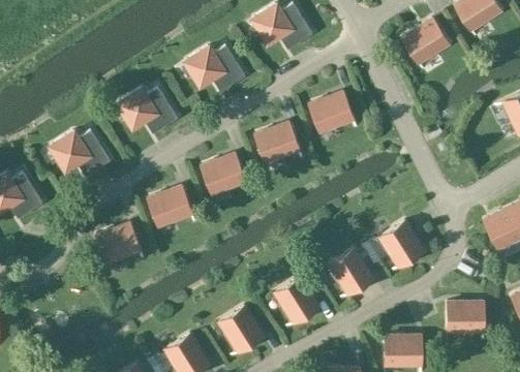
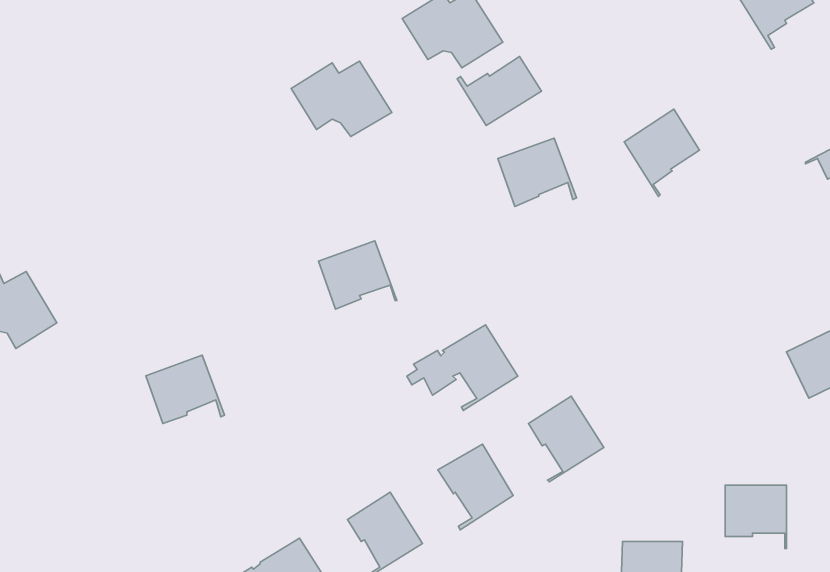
building: [402,19,448,71] -> [624,109,699,196]
building: none -> [457,56,541,125]
building: [117,88,178,134] -> none
building: [254,122,302,163] -> none
building: [50,130,110,176] -> none
building: [147,186,195,227] -> none
building: [357,221,424,273] -> [407,325,518,410]

